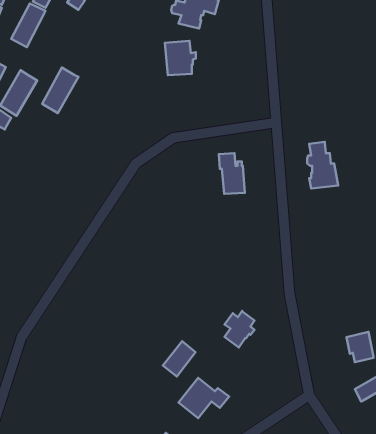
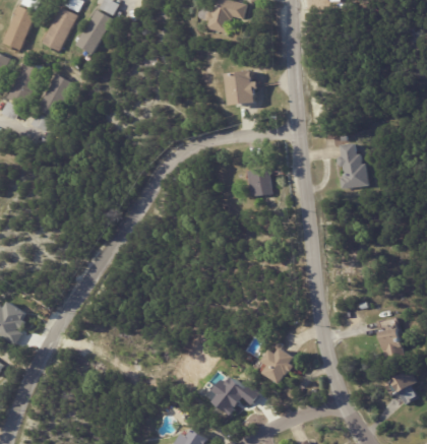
building: [165,41,196,75] -> [231,68,261,102]
building: [42,68,78,113] -> [77,9,113,54]
building: [224,311,255,347] -> [264,347,294,383]
building: [163,341,195,376] -> none

